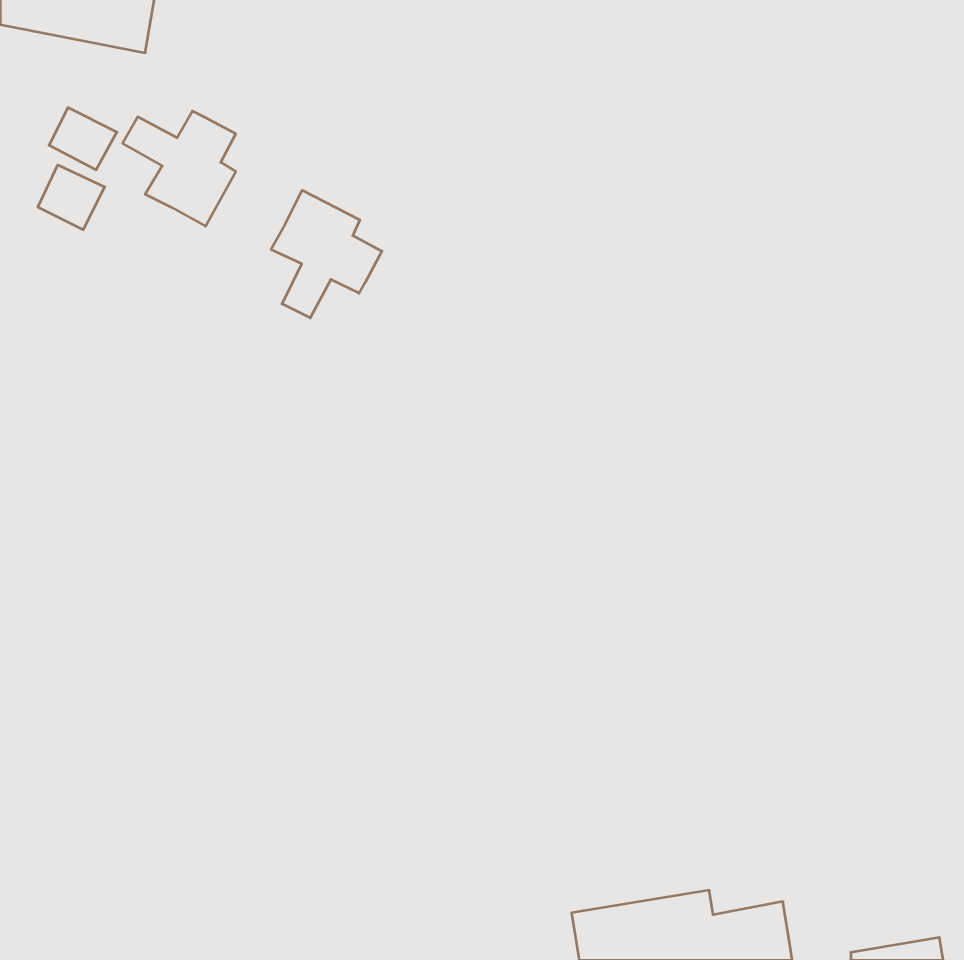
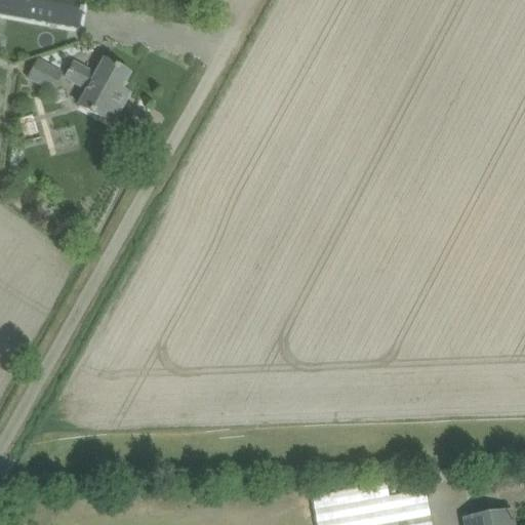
building: [38,165,105,230] -> none
building: [271,190,382,318] -> none

